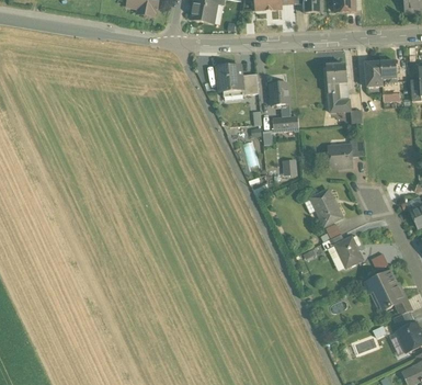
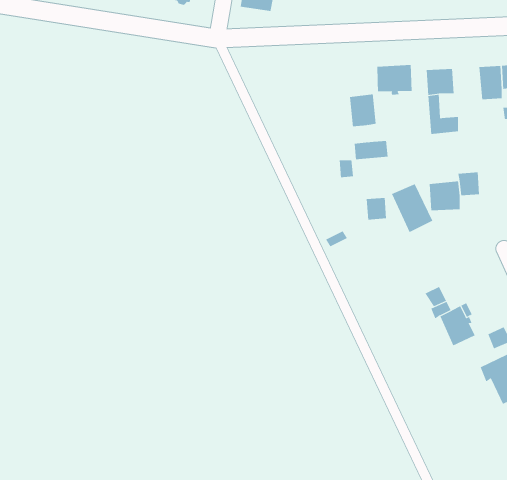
building: none -> [377,64,412,96]
building: [216,65,252,94] -> none
building: [310,190,341,226] -> [391,183,433,233]

